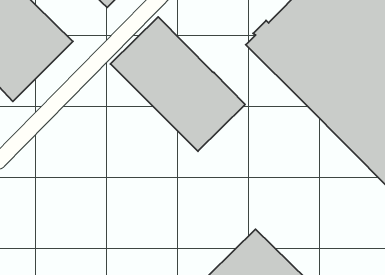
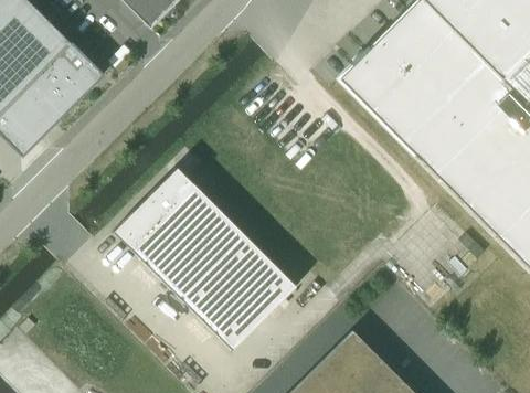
building: [110,17,245,151] -> [113,164,296,348]

